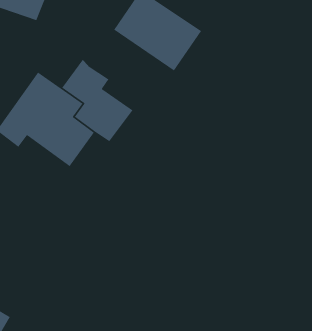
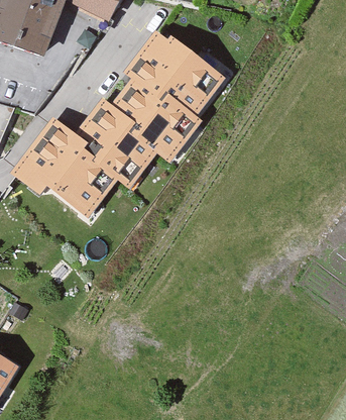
building: none -> [104,68,193,159]

